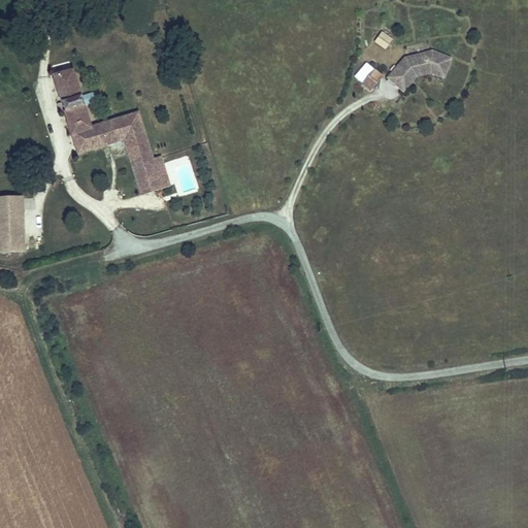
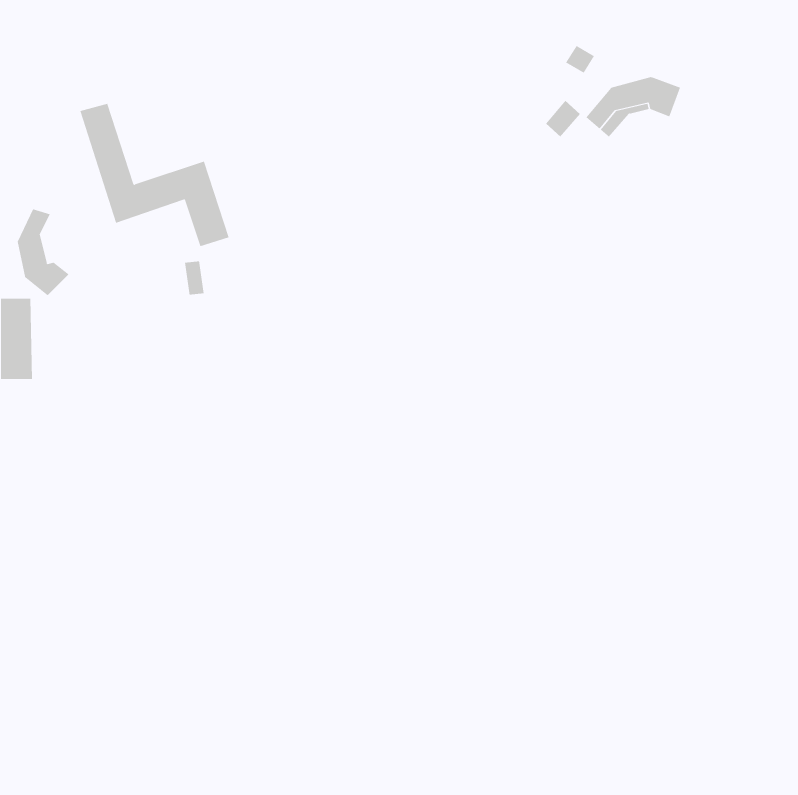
building: none -> [17,209,70,296]
building: [132,157,162,193] -> none

